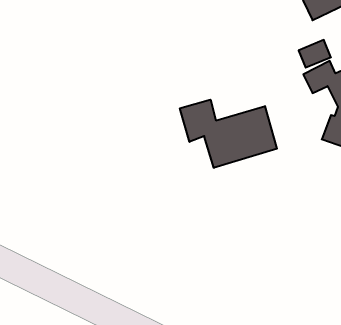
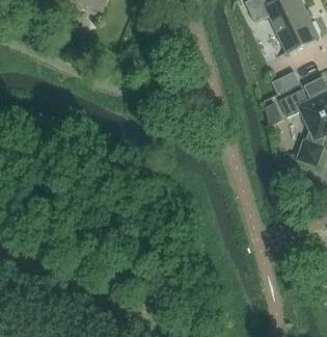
building: [180,100,277,168] -> none

